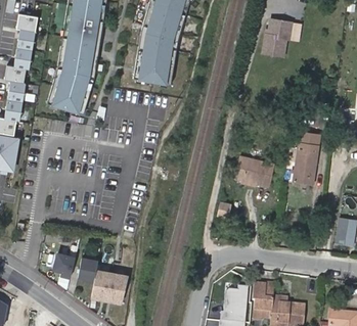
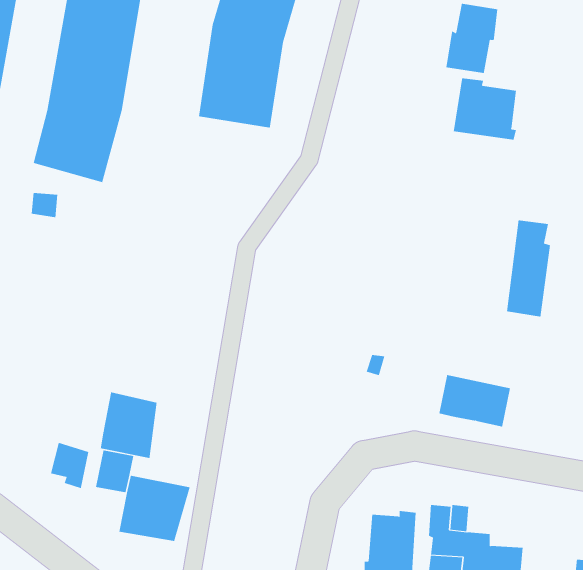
building: none -> [453,78,516,141]
building: [235,157,273,185] -> [439,374,511,427]
building: none -> [100,392,157,459]

